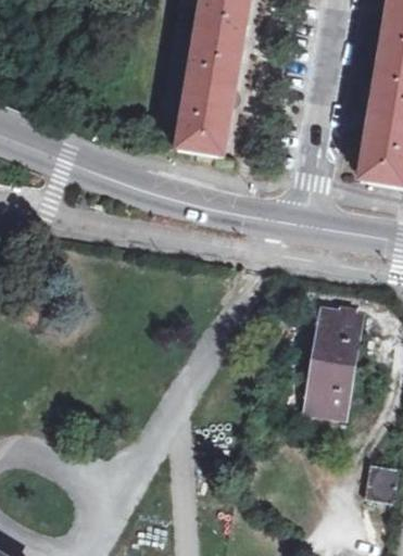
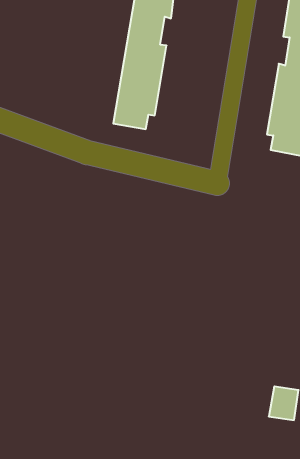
building: [305,305,358,415] -> none

